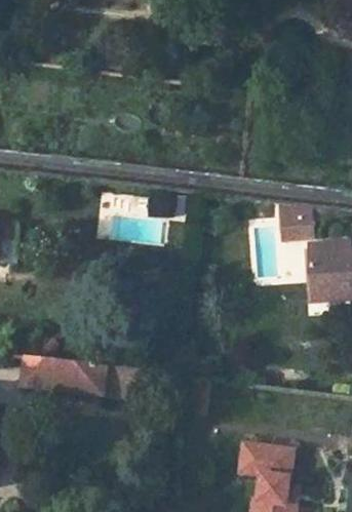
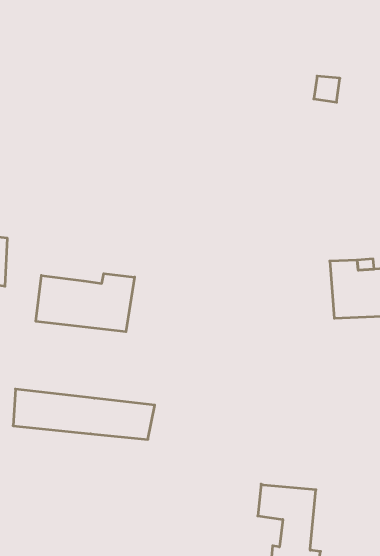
building: [279,204,312,240] -> none
building: none -> [36,274,135,332]

